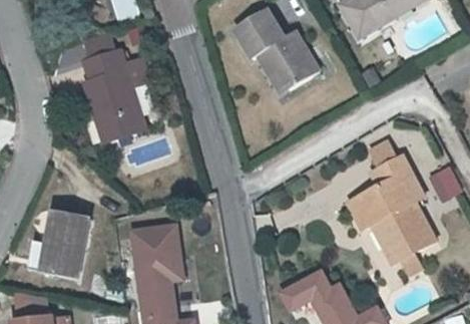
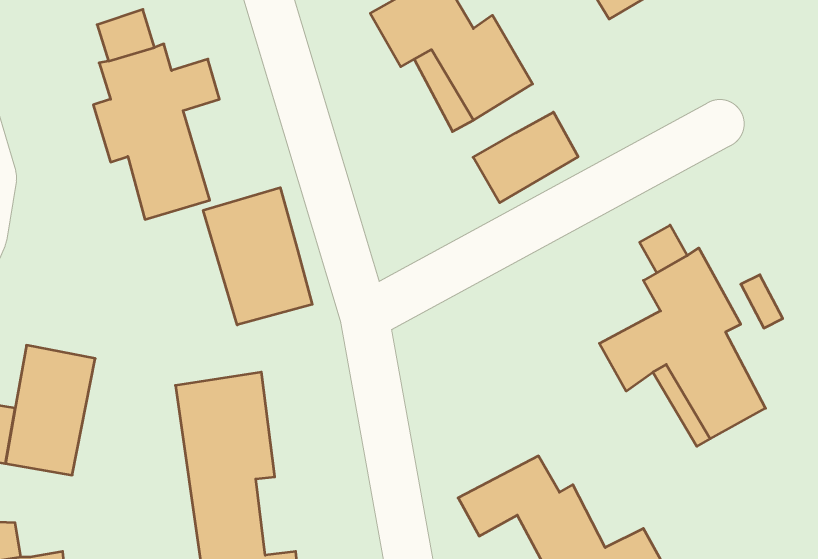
building: none -> [473,112,578,203]
building: none -> [203,188,312,325]

